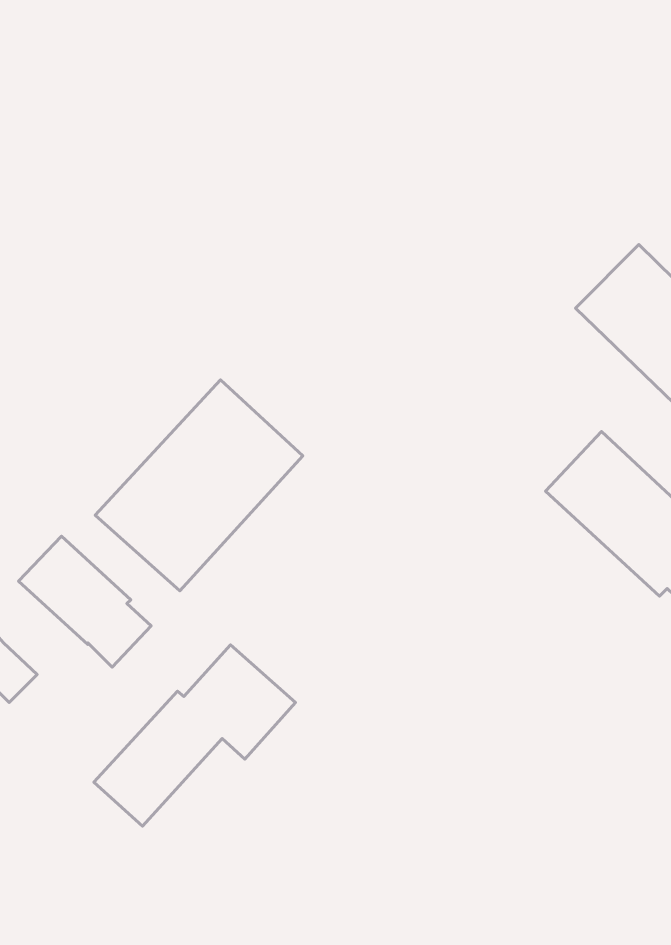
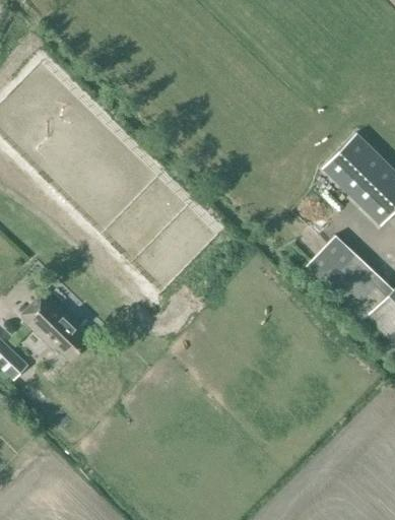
building: [95,380,303,591] -> none
building: [94,645,296,826] -> none

